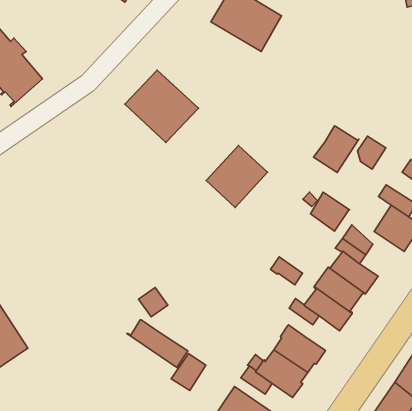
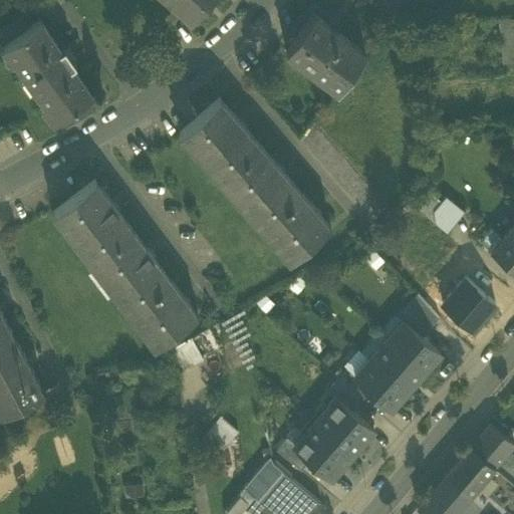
building: none -> [221,152,301,233]
building: [314,126,359,173] -> none
building: none -> [55,186,198,349]
building: [311,192,350,231] -> none
building: [271,257,303,285] -> [327,384,362,418]
building: [127,320,188,367] -> none

